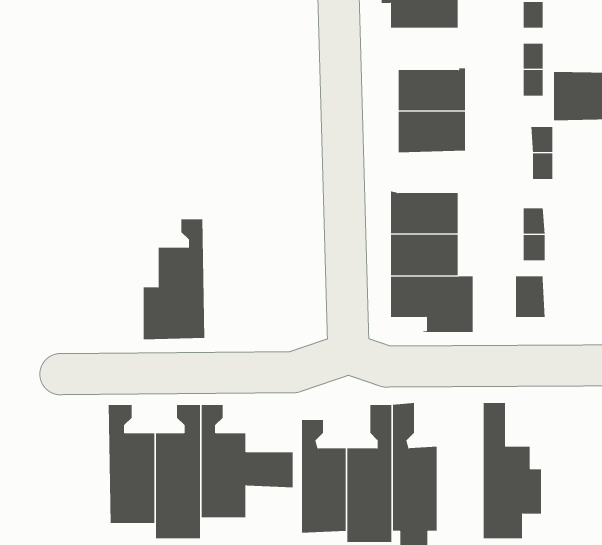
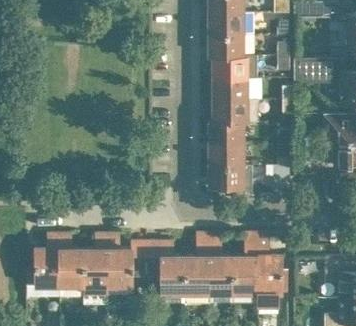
building: none -> [207,34,243,57]
building: none -> [211,99,257,122]
building: [143,219,205,340] -> [26,233,59,297]
building: none -> [232,232,256,300]

